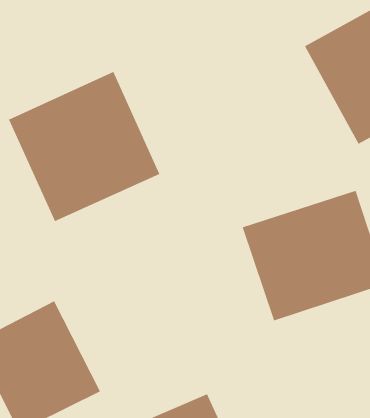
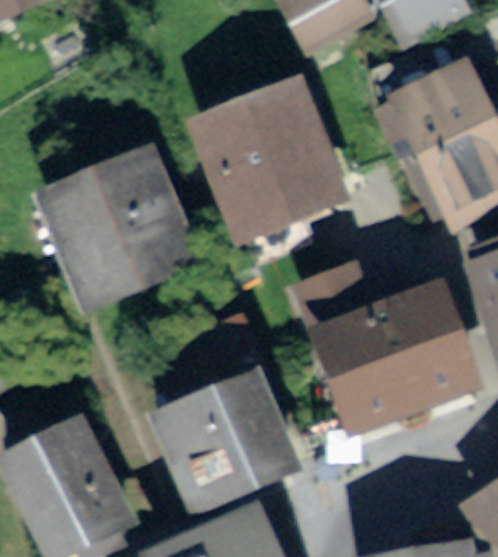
building: none -> [186,77,352,247]
building: none -> [143,363,301,513]

